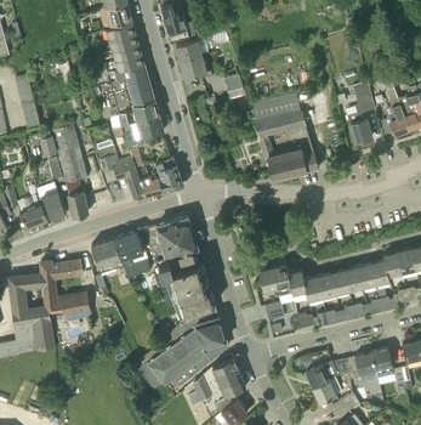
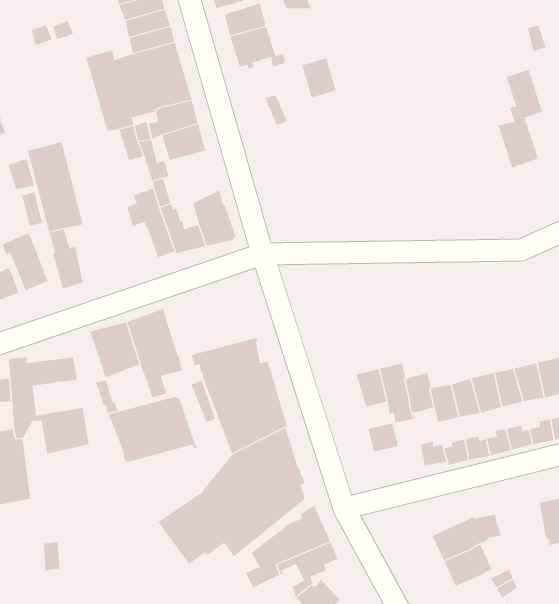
building: [250,95,318,181] -> none
building: [93,140,120,183] -> none
building: [143,219,199,260] -> [108,397,198,463]
building: [345,352,376,380] -> none

